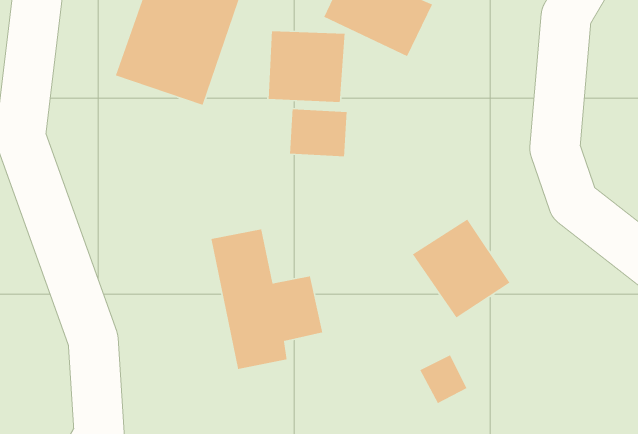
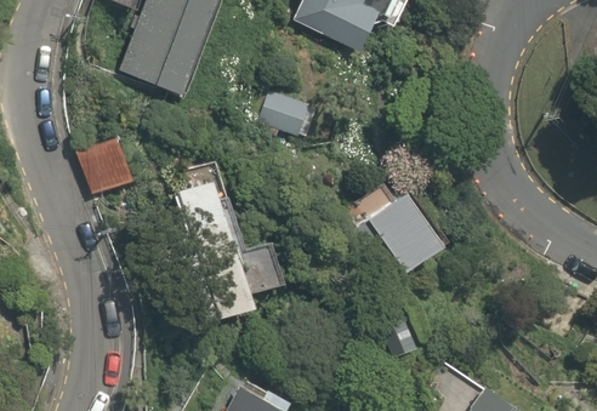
building: [268,30,345,103] -> none
building: none -> [78,138,135,192]

